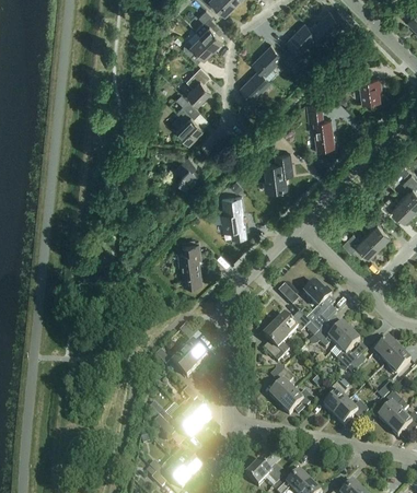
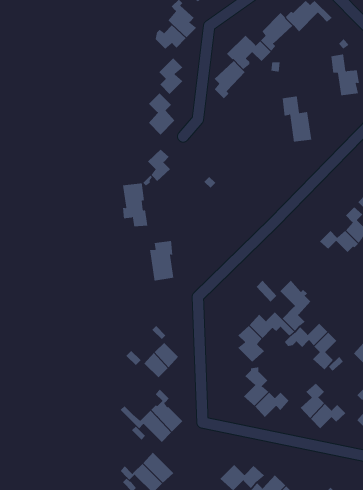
building: [265,154,293,191] -> none
building: [222,197,247,239] -> [122,183,148,227]

